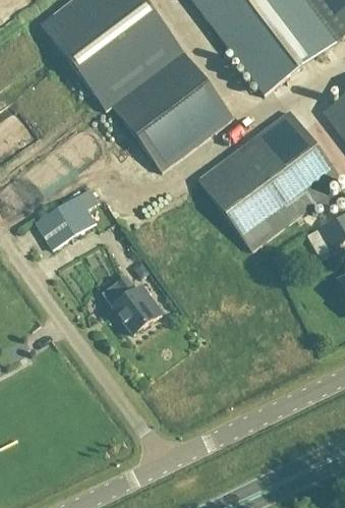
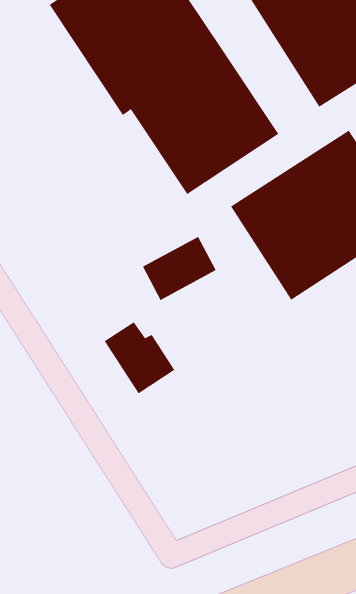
building: [36,194,96,248] -> [142,236,217,301]

